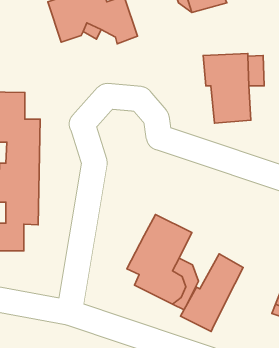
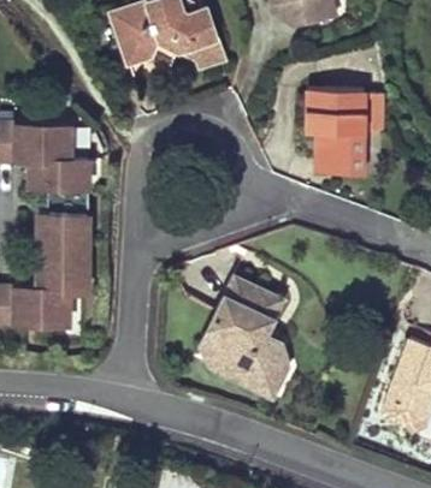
building: [181,254,243,331] -> none

